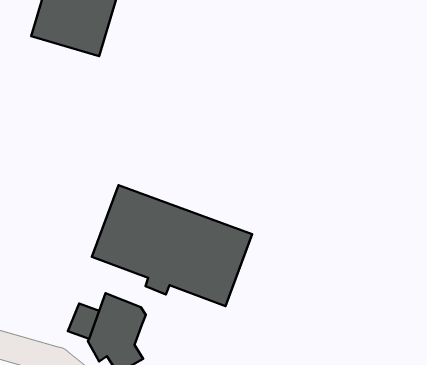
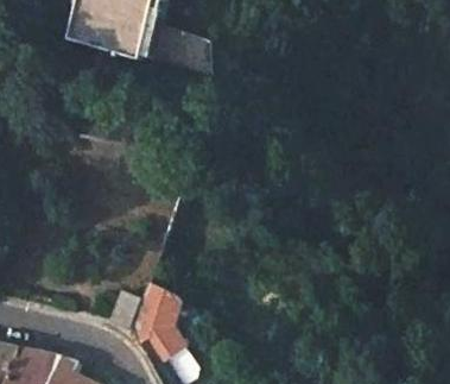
building: [92,185,252,306] -> none

